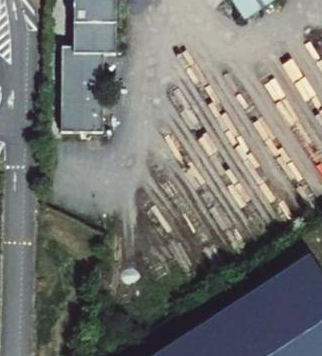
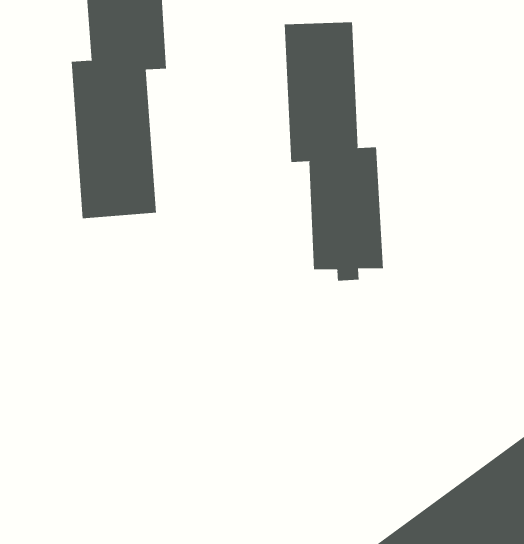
building: none -> [284,21,384,282]

